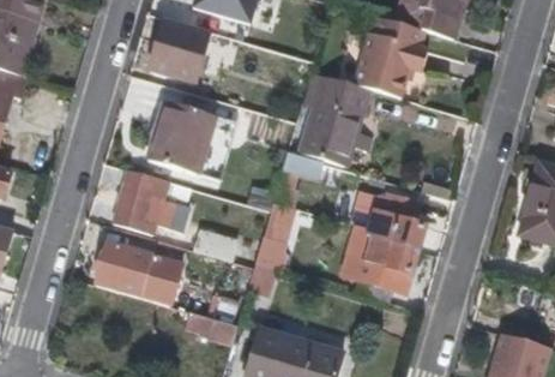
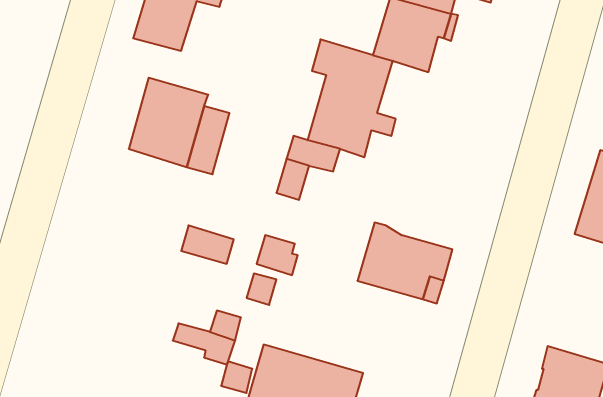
building: [111,167,188,232] -> none
building: [350,190,427,247] -> none
building: [97,239,182,304] -> none

